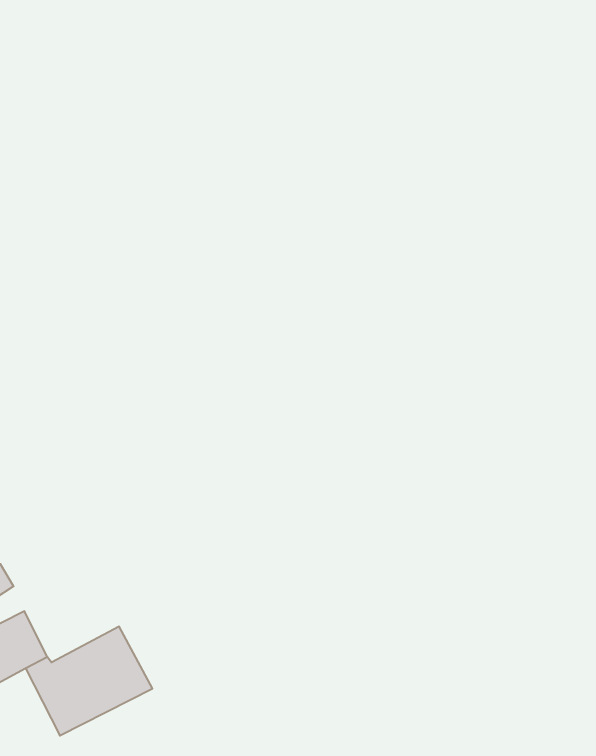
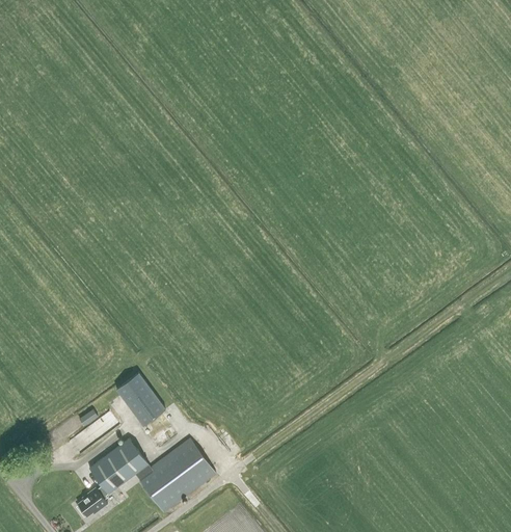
building: none -> [116,373,165,426]

